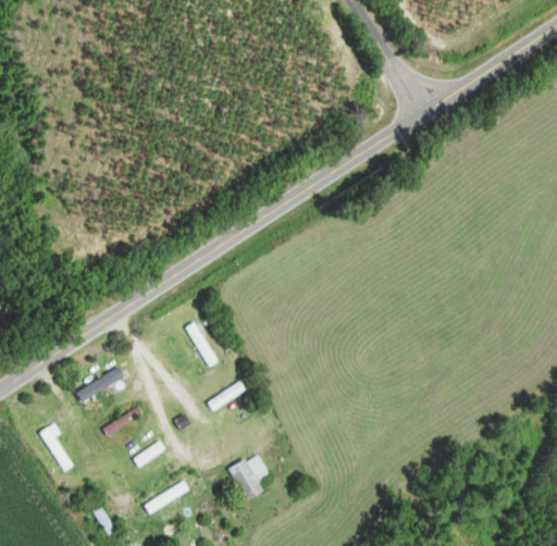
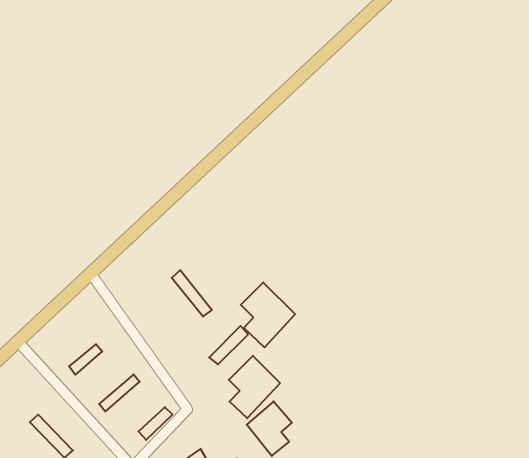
building: none -> [241,282,295,347]
building: none -> [229,356,280,418]

